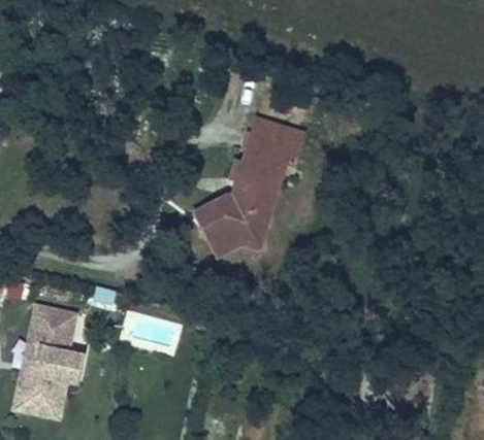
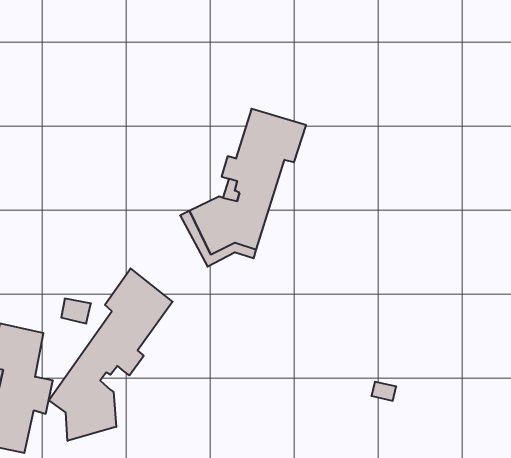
building: none -> [49,268,173,441]

